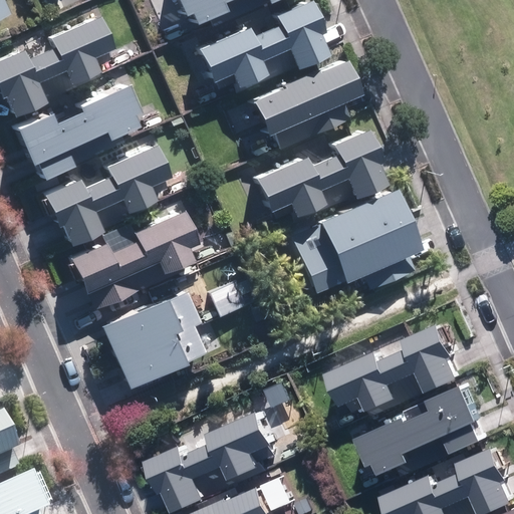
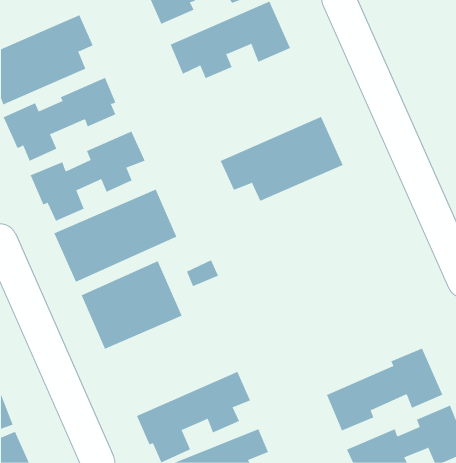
building: [250,60,359,148] -> none
building: [291,188,420,293] -> none
building: [338,324,474,417] -> none

